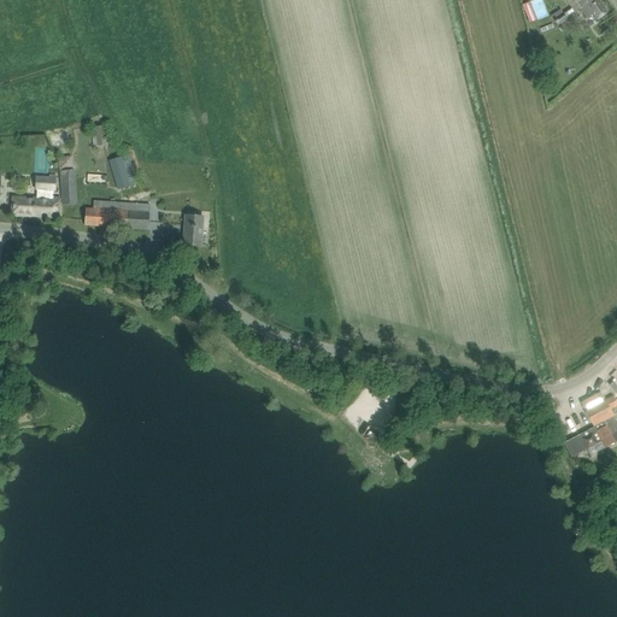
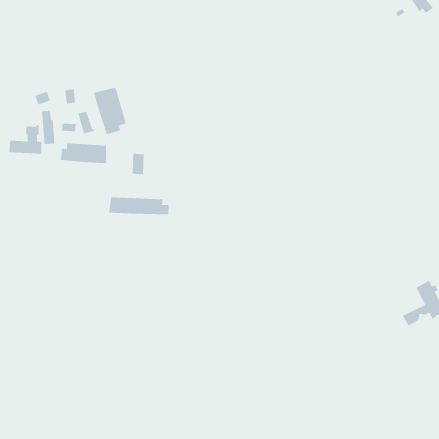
building: none -> [93,87,127,135]
building: none -> [109,197,169,215]

